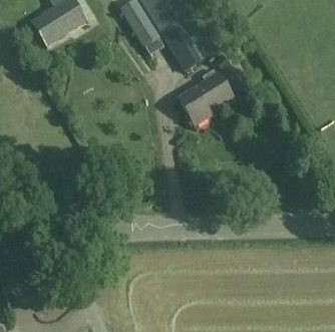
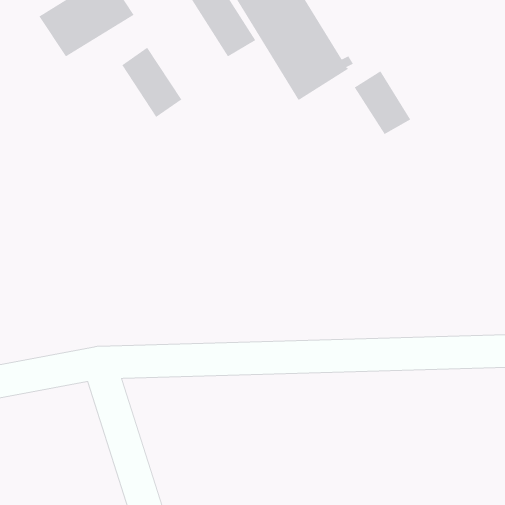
building: none -> [121,47,182,118]
building: [180,74,235,125] -> none

